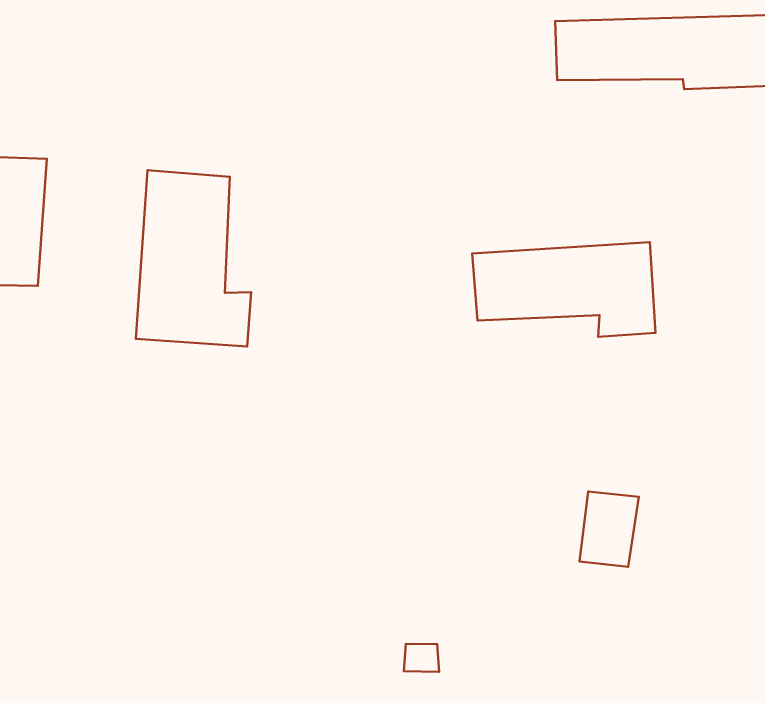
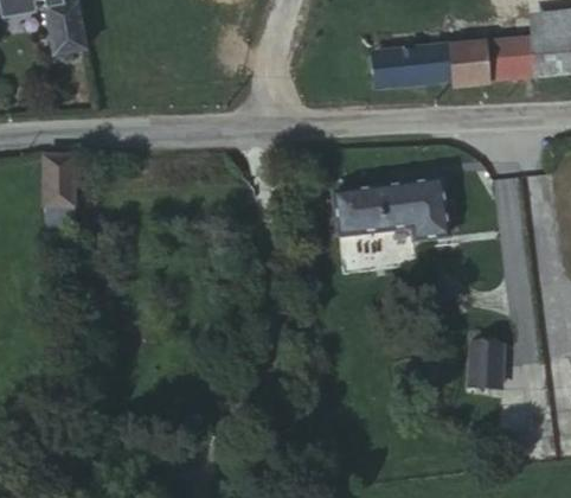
building: [136,170,251,346] -> none
building: [579,491,639,567] -> [469,343,502,387]

